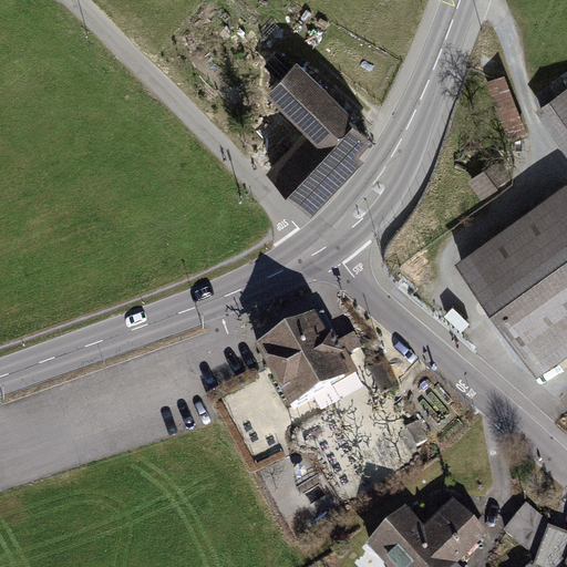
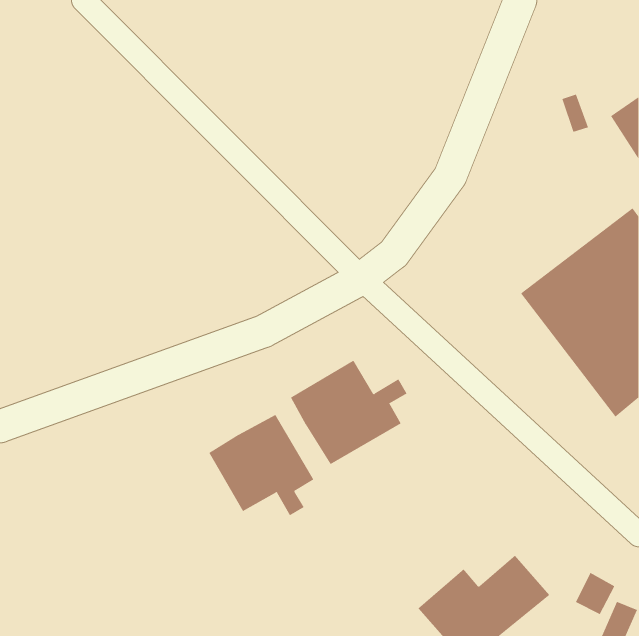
building: [267,66,369,200] -> none
building: none -> [209,414,314,516]

